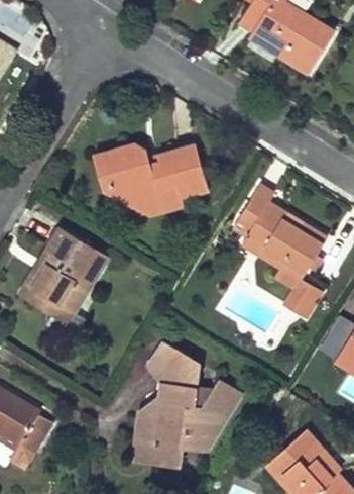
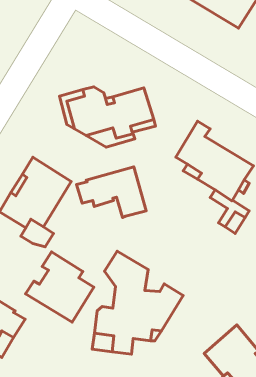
building: none -> [77,167,146,217]
building: none -> [26,252,94,322]

